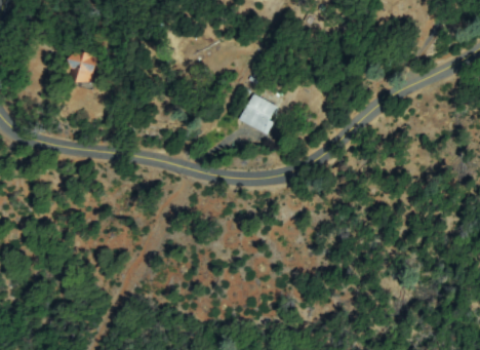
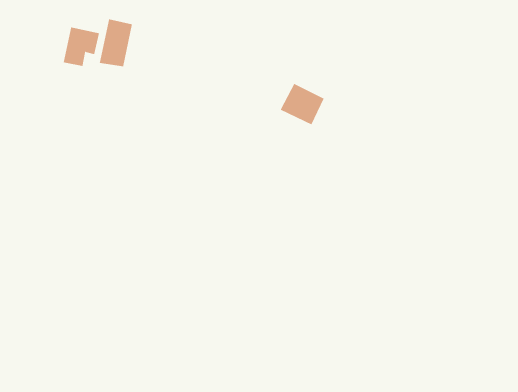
building: none -> [99,19,132,67]

